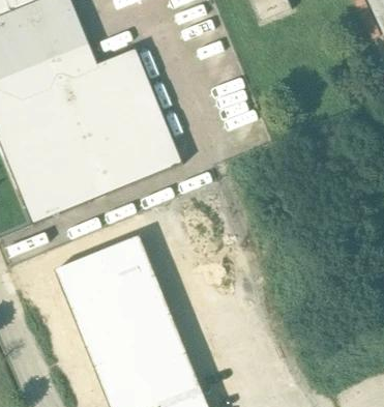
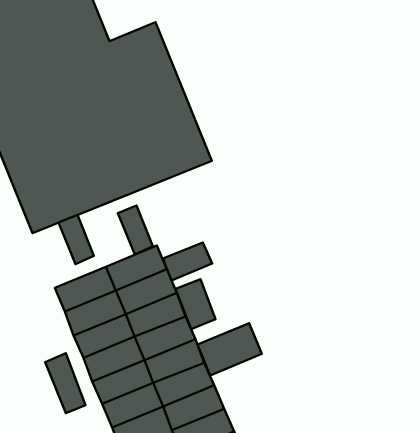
building: none -> [118,206,153,254]
building: none -> [58,215,94,264]
building: none -> [163,242,212,280]
building: none -> [175,279,216,329]
building: none -> [197,323,262,375]
building: none -> [45,353,86,413]

